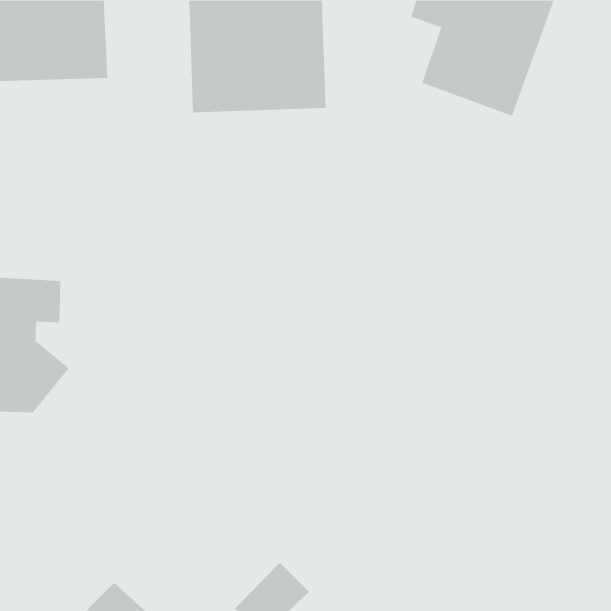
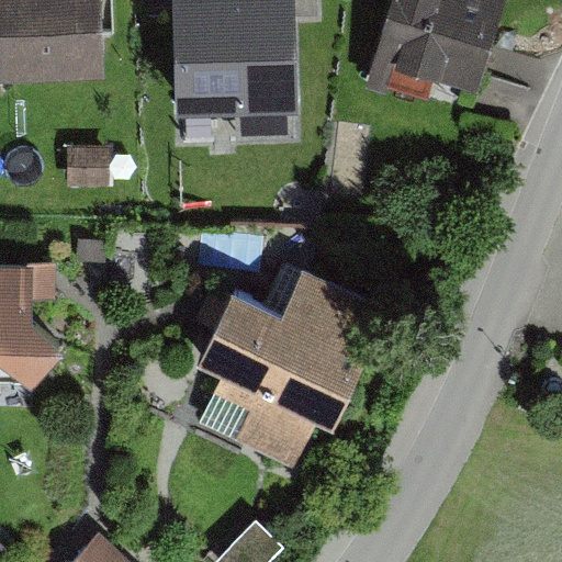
building: none -> [191,270,363,474]

